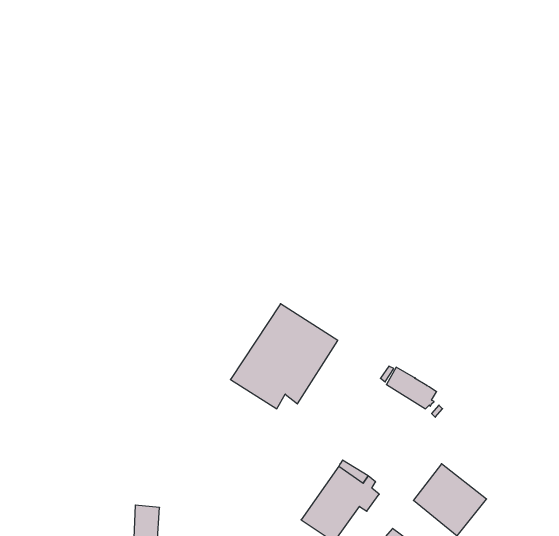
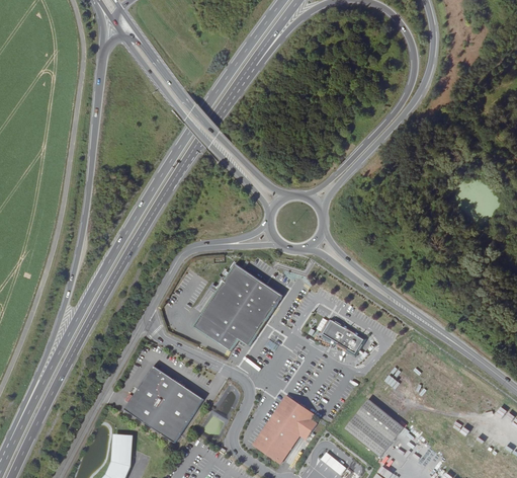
building: none -> [126,368,205,446]

